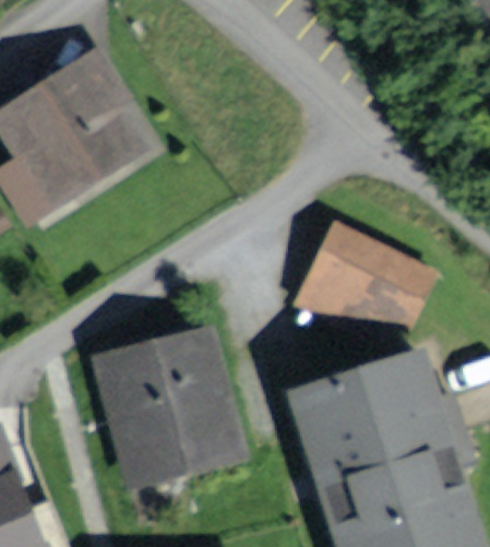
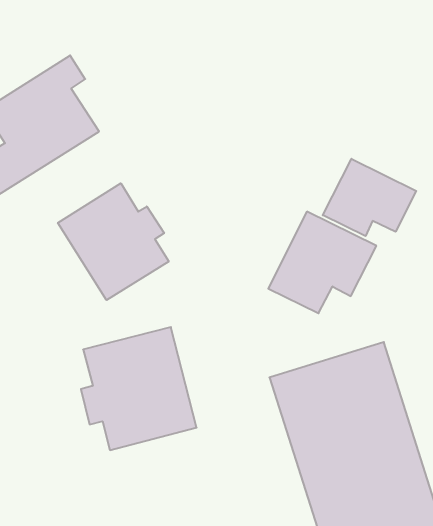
building: none -> [323,159,416,236]
building: none -> [58,183,169,300]

